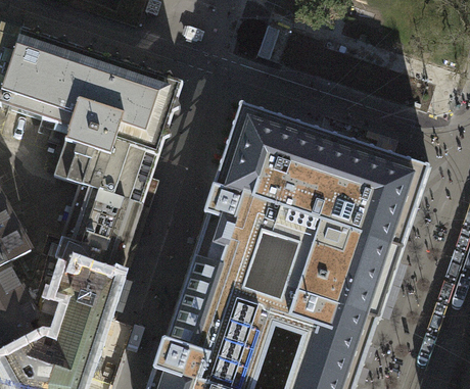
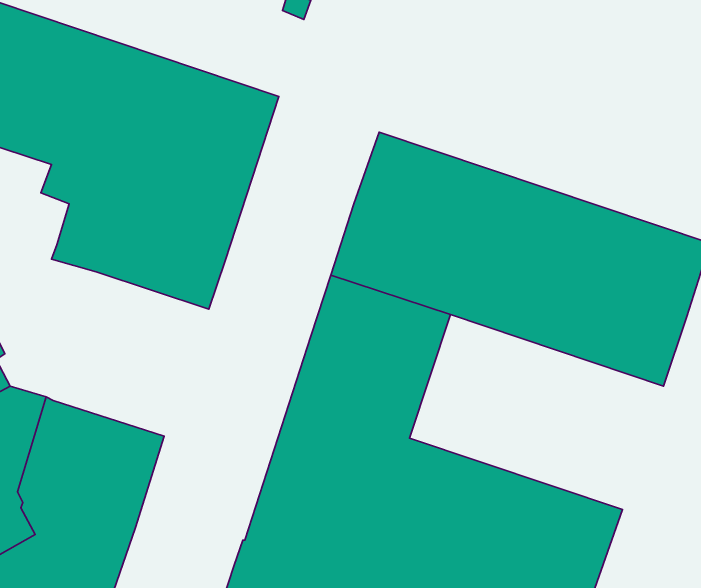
building: [54,184,143,279] -> none
building: [257,208,403,320] -> none

